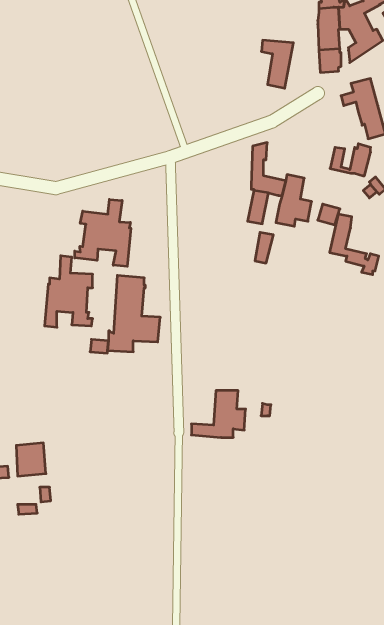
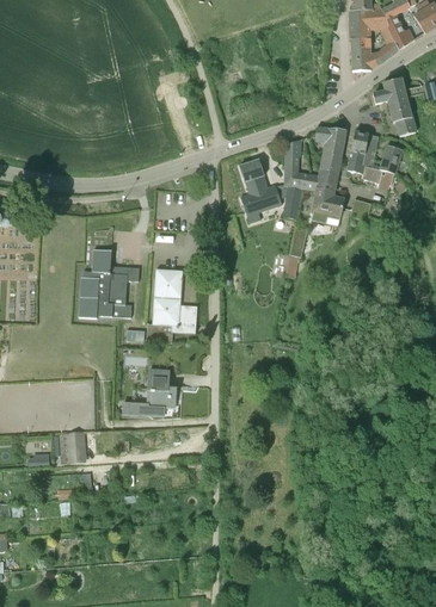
building: [261,40,293,88] -> [314,126,345,173]
building: none -> [239,157,281,212]
building: [75,199,131,266] -> none
building: [330,214,379,275] -> [346,130,394,188]
building: [191,391,246,437] -> [123,368,176,414]

